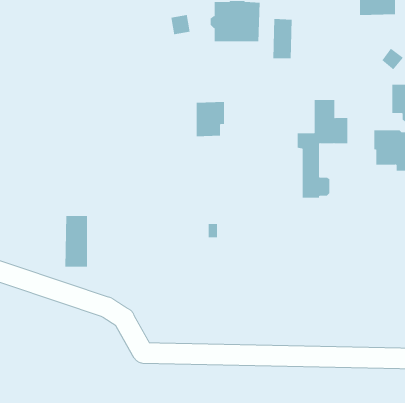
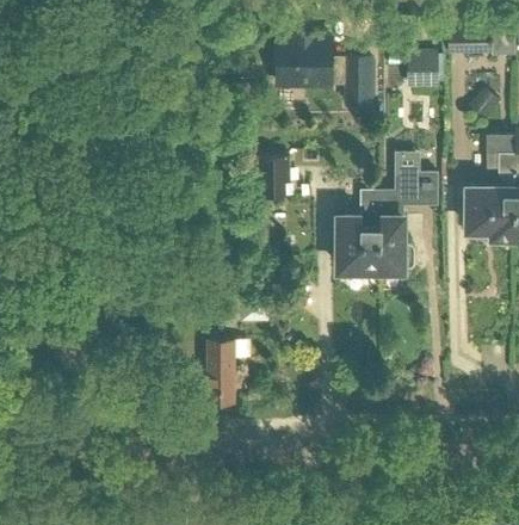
building: none -> [408,52,438,91]
building: none -> [334,193,382,272]
building: [64,216,88,267] -> [208,341,235,402]

